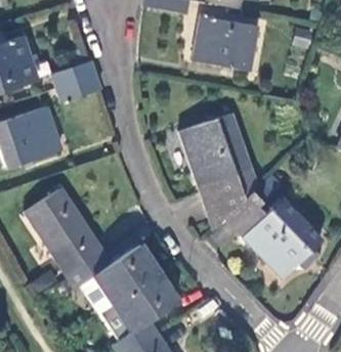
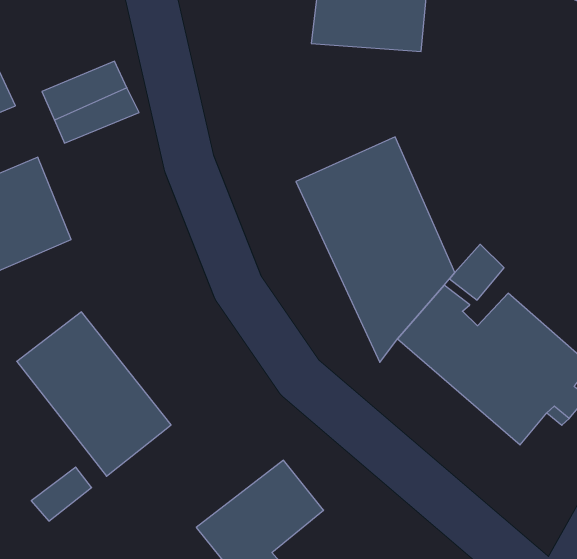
building: [68,244,160,305] -> none

